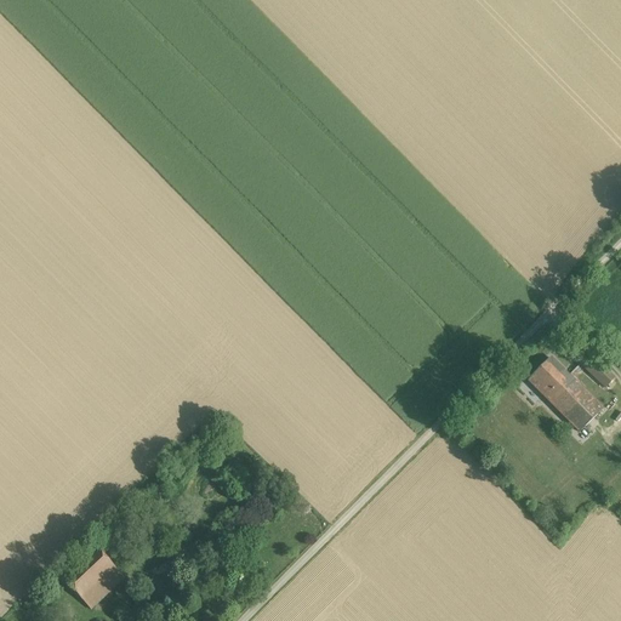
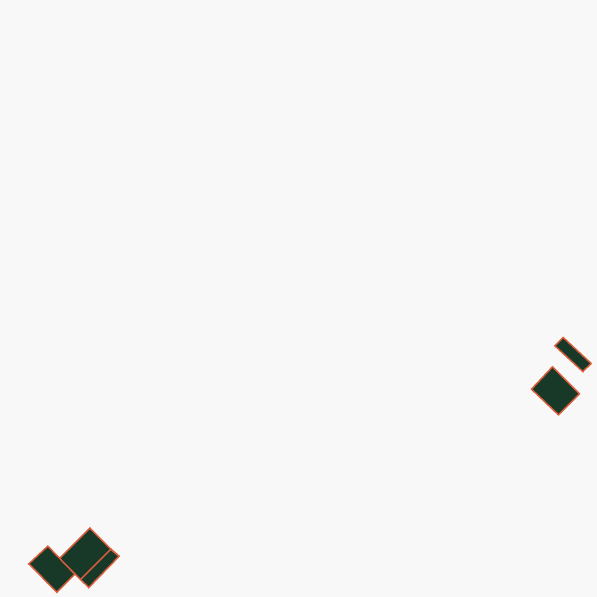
building: [529,358,574,404] -> none
building: none -> [29,546,75,592]

